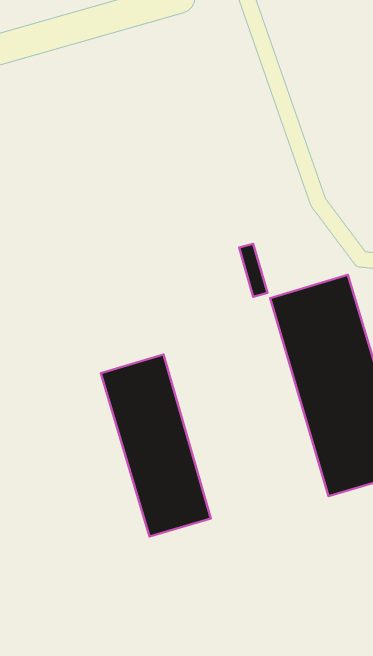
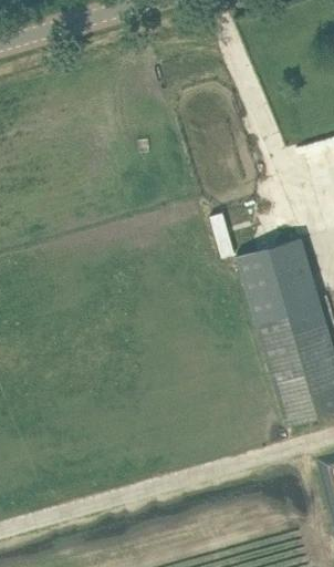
building: [101,355,211,536] -> none

